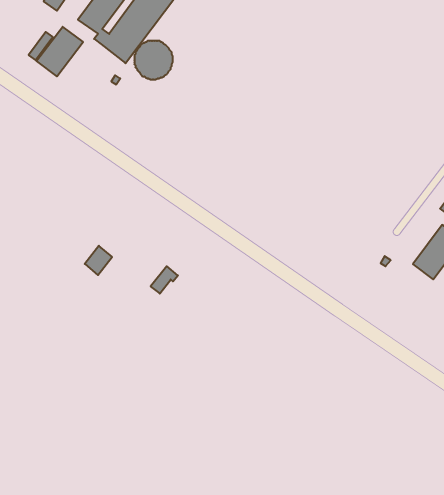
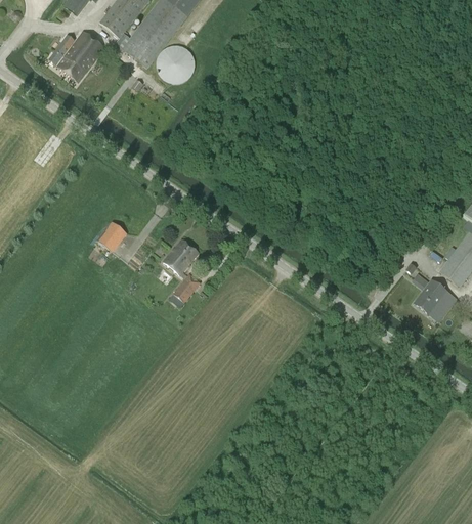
building: none -> [164,238,199,274]
building: [85,246,112,275] -> [98,221,126,251]
building: none -> [414,279,457,321]

